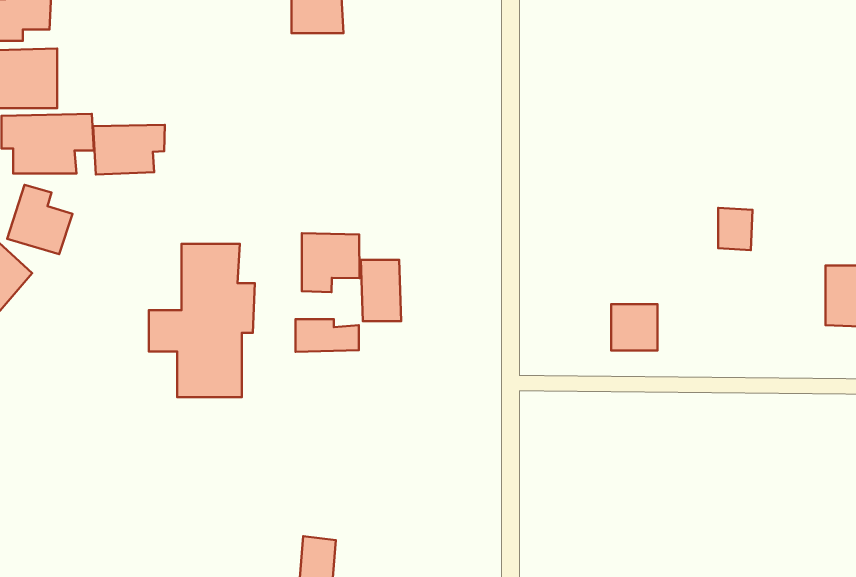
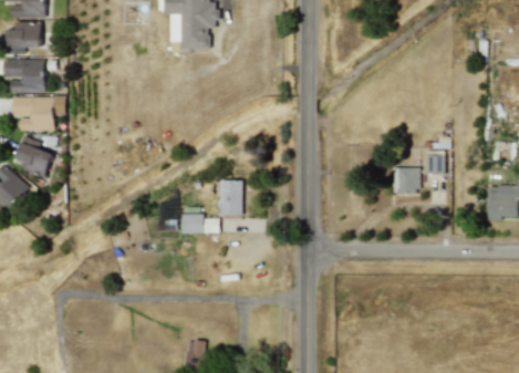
building: [93,125,165,175] -> none
building: [302,233,360,292] -> none
building: [149,244,255,397] -> none
building: [611,304,657,350] -> [392,167,418,194]

